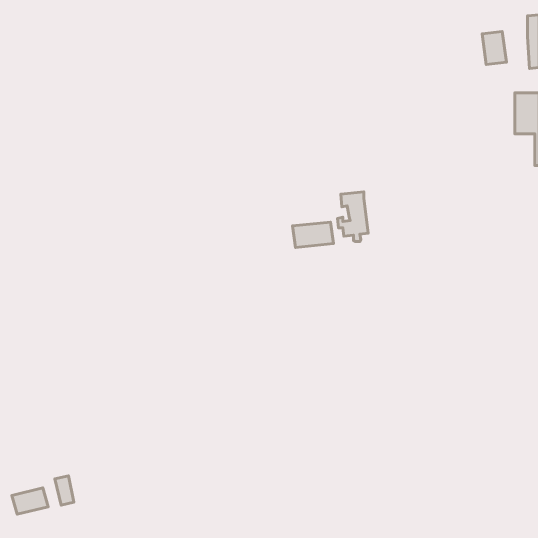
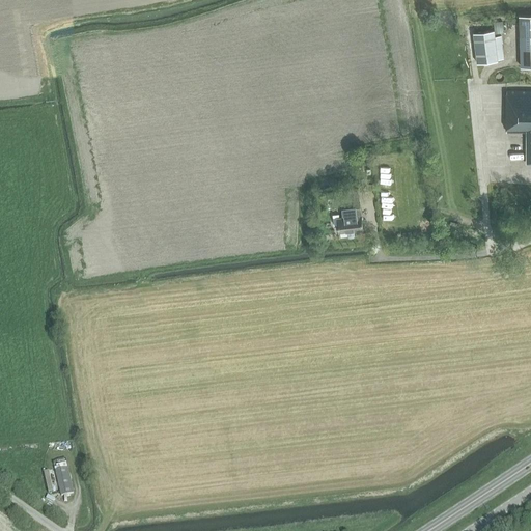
building: [292,222,334,247] -> none
building: [12,488,48,514] -> none

